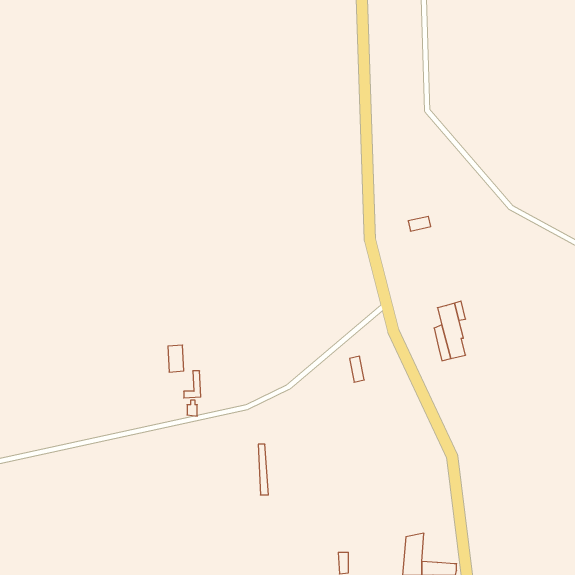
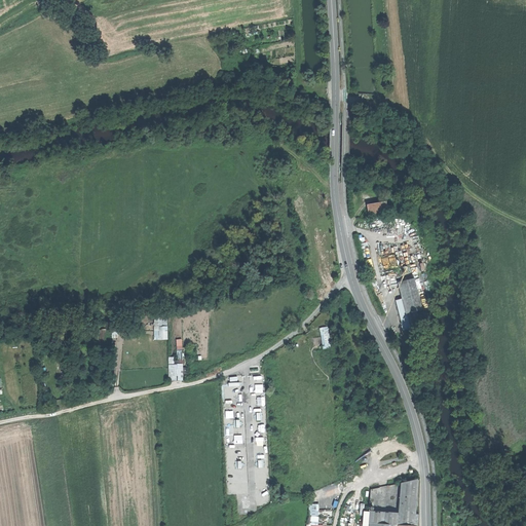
building: none -> [399,480,417,514]

